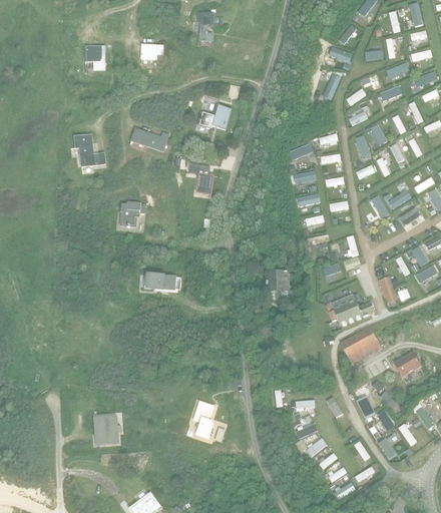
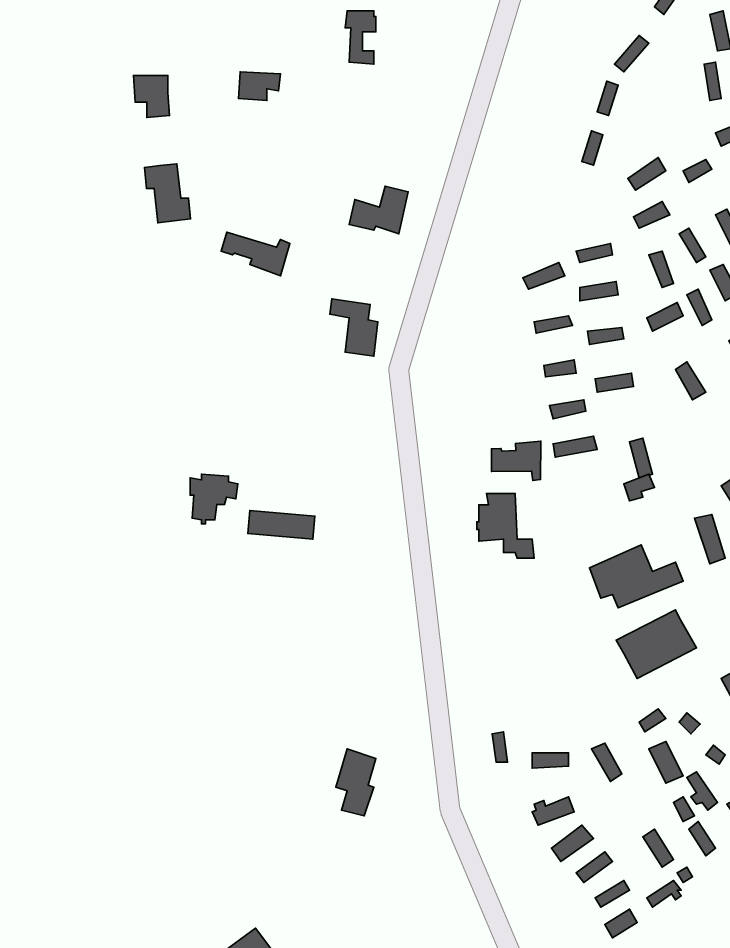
building: [73,133,97,164] -> [145,164,190,223]
building: [120,199,145,225] -> [190,474,238,524]
building: none -> [492,441,541,481]
building: [94,415,120,444] -> none

